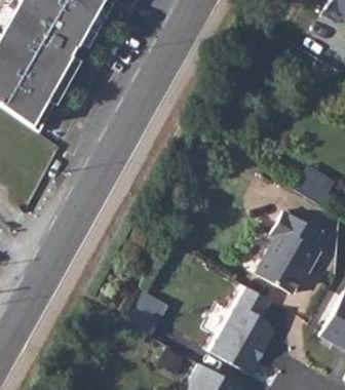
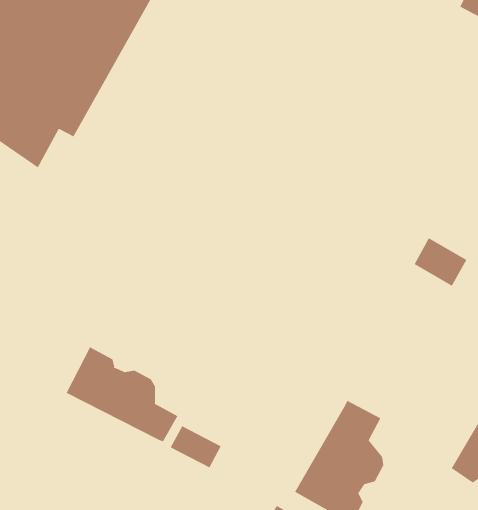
building: [255,209,320,291] -> none
building: none -> [66,346,178,442]

